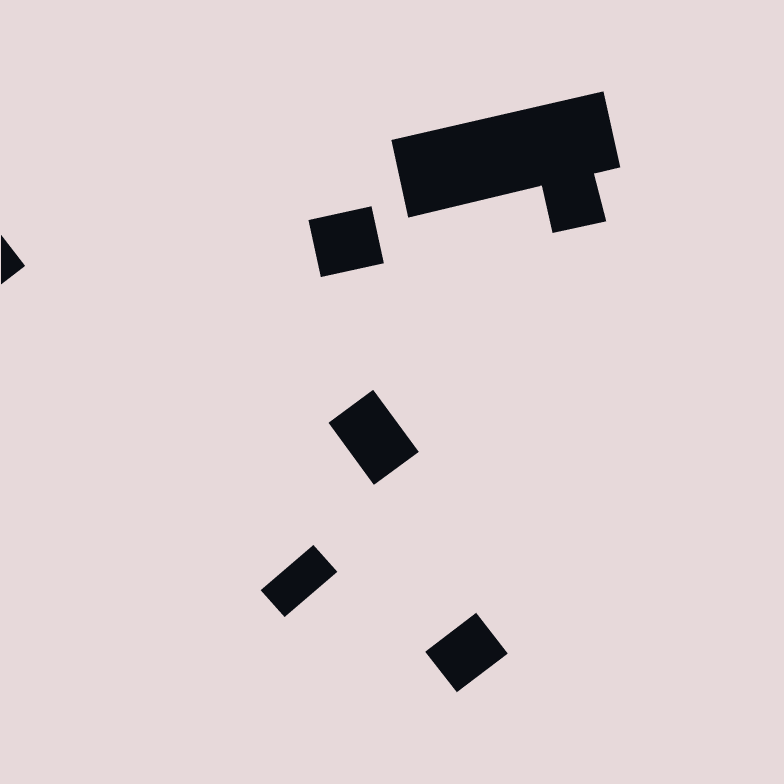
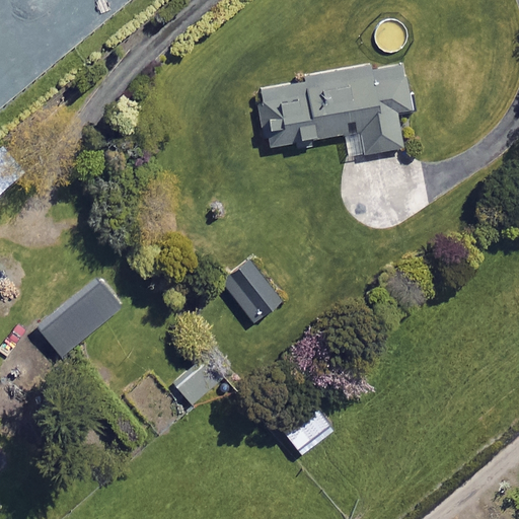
building: [308,205,385,278] -> none
building: none -> [45,283,122,352]

